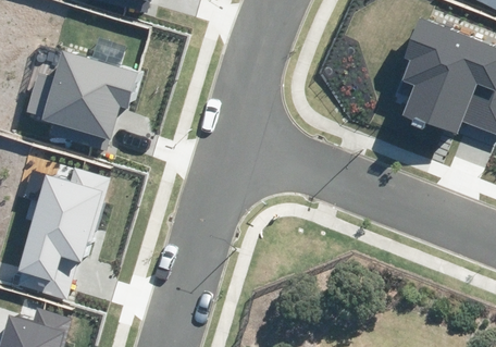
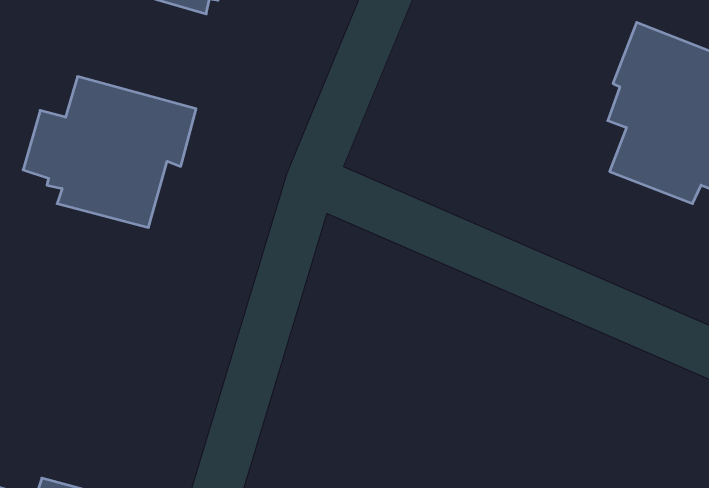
building: [16,168,109,298] -> none

